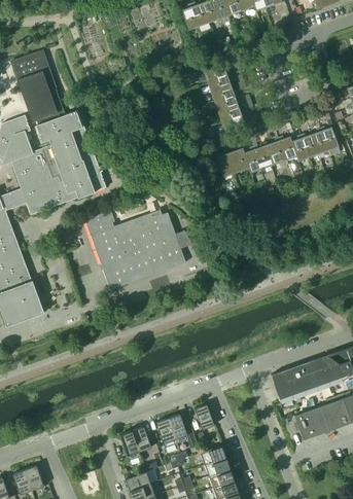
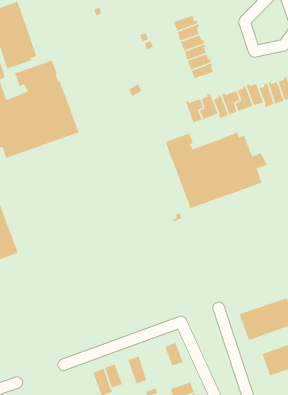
building: [84,209,191,289] -> [165,132,268,209]
building: [168,414,198,448] -> none

